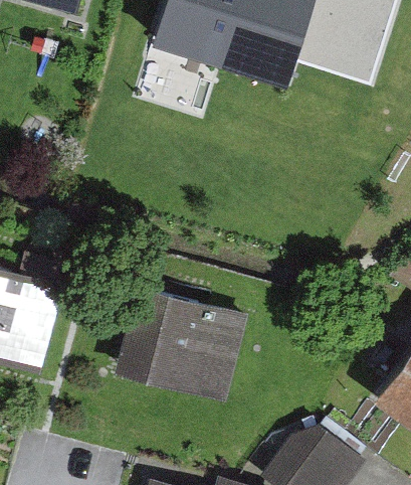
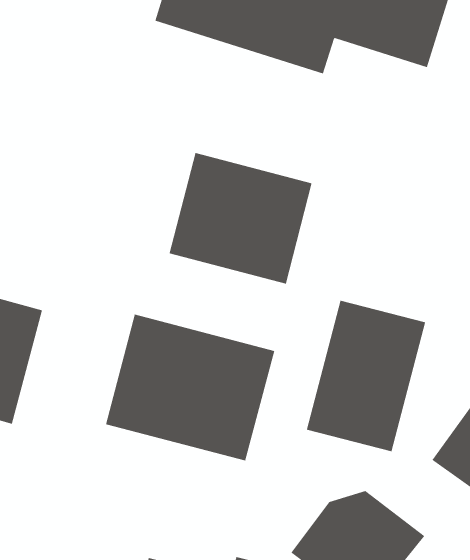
building: none -> [169,152,312,284]
building: none -> [306,300,426,452]

